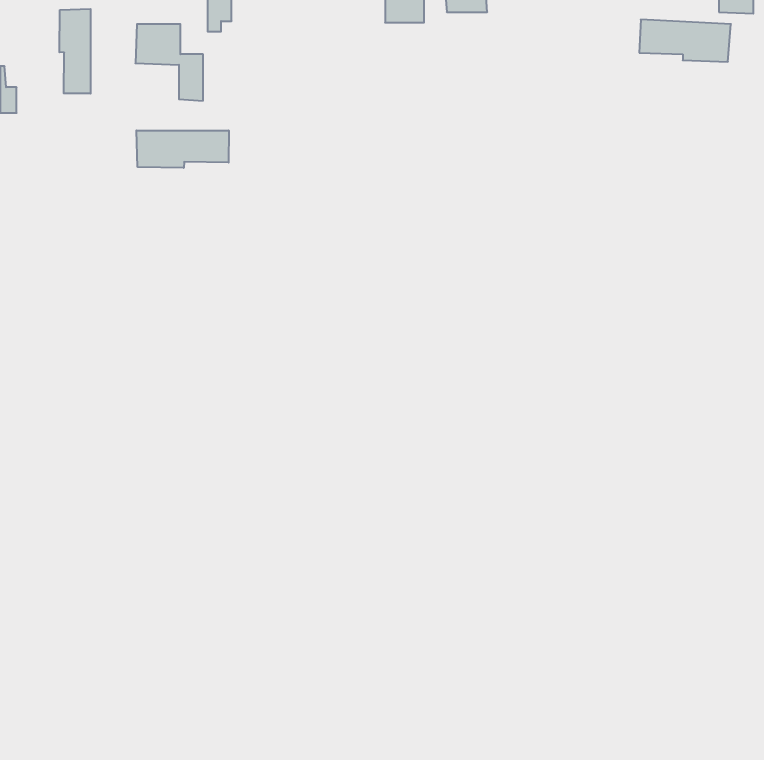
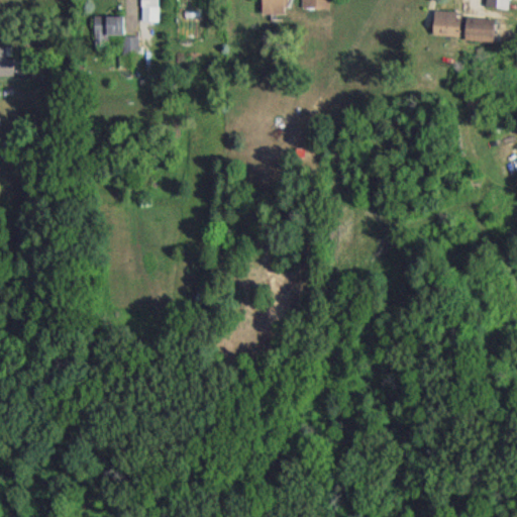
building: [59,9,91,94] -> none
building: [136,130,229,168] -> none

